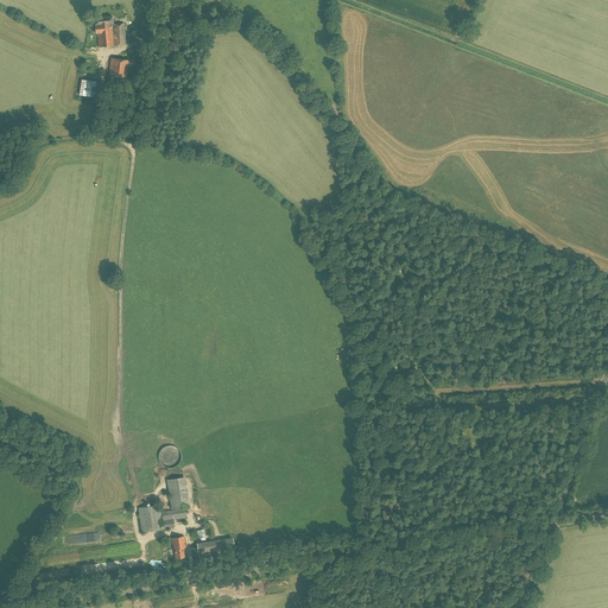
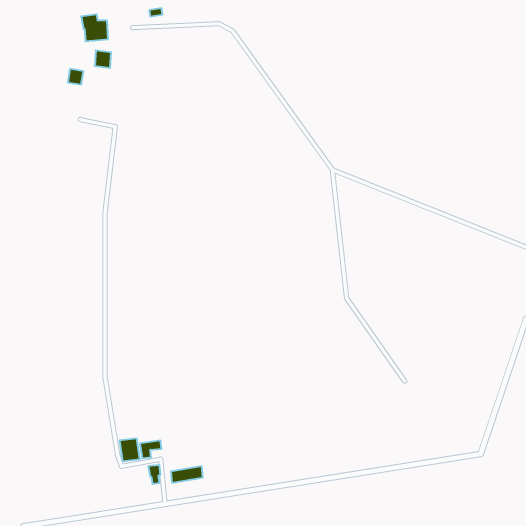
building: [166,477,188,509] -> none

